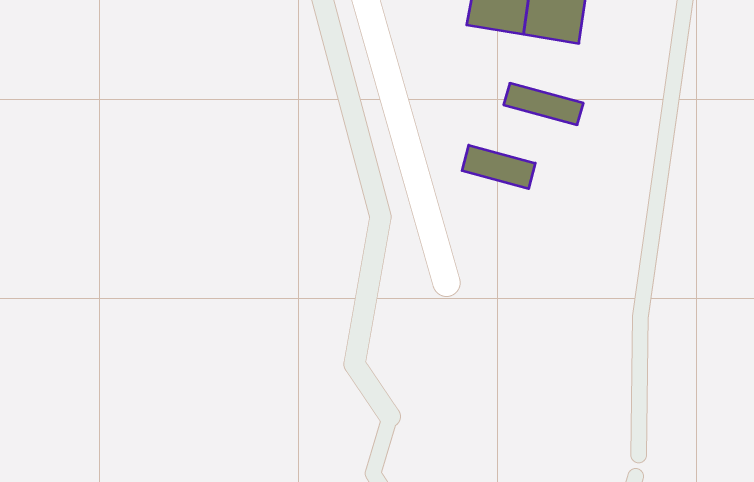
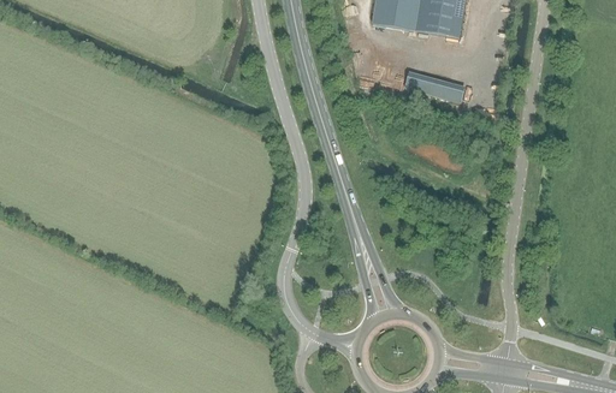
building: [462,145,535,189] -> none

